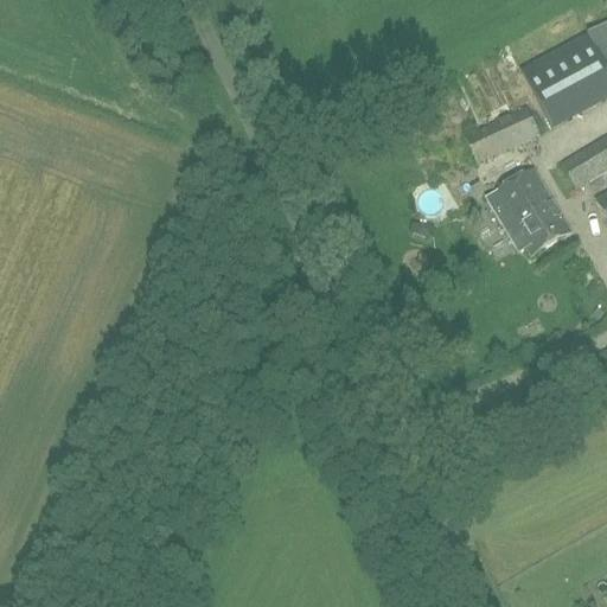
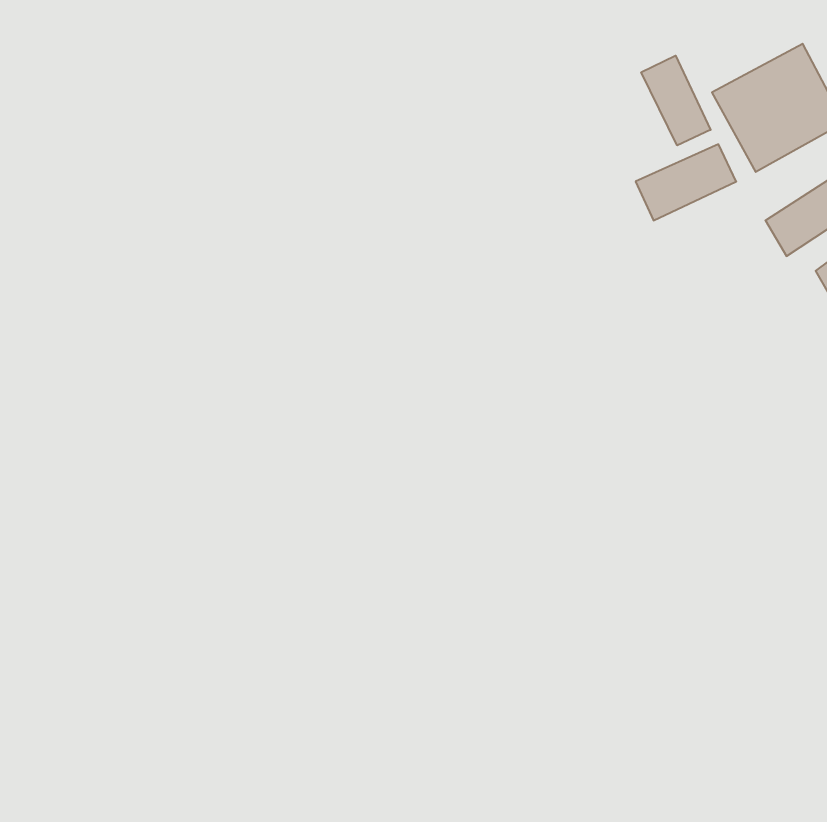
building: none -> [641,56,711,145]
building: [488,167,571,254] -> none

